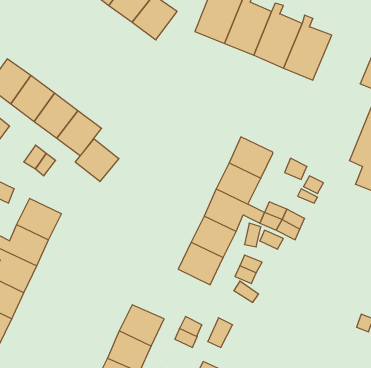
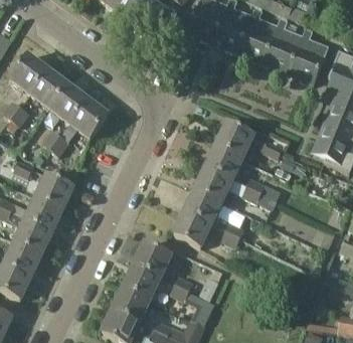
building: none -> [288,28,329,83]
building: [75,139,119,182] -> none
building: none -> [134,242,171,277]

